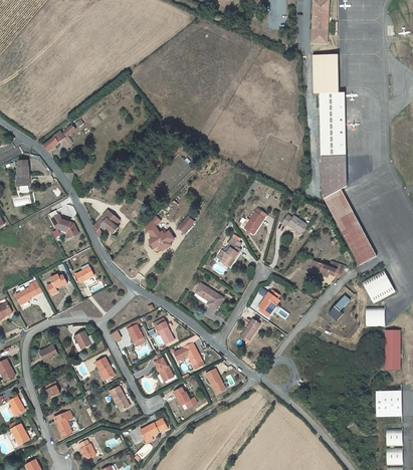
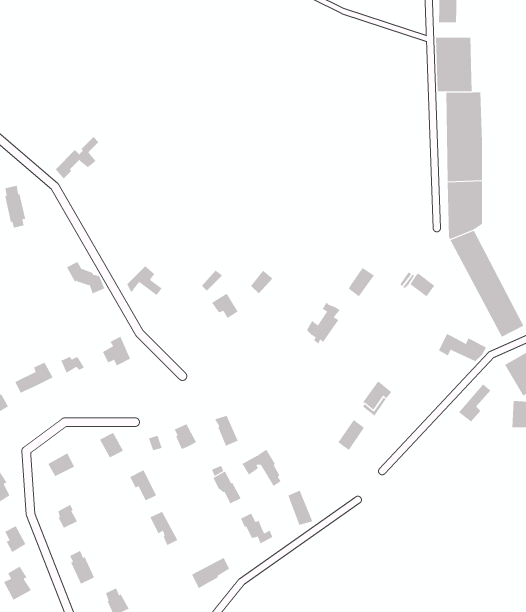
building: [195,283,225,311] -> none

